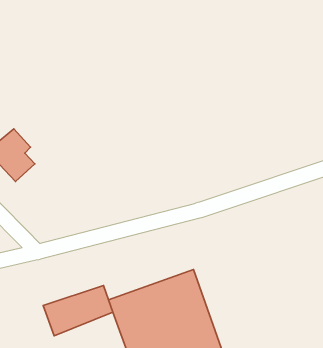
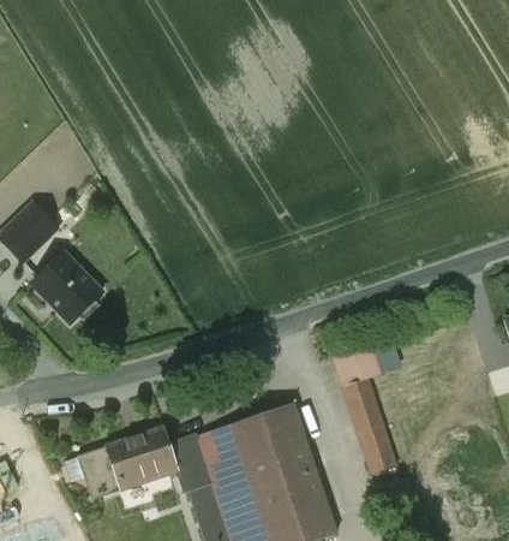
building: none -> [32,252,103,322]
building: none -> [335,346,397,475]

